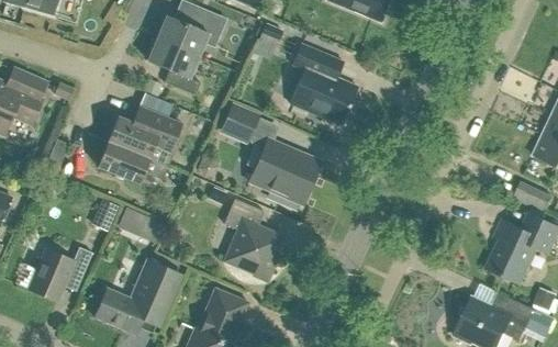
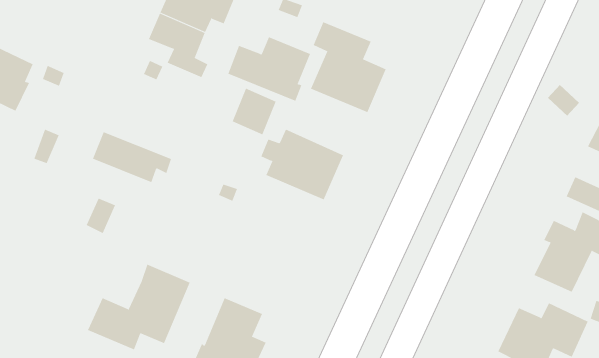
building: [108,108,181,165] -> [227,36,311,101]
building: [224,198,284,280] -> none
building: [29,246,92,300] -> none

